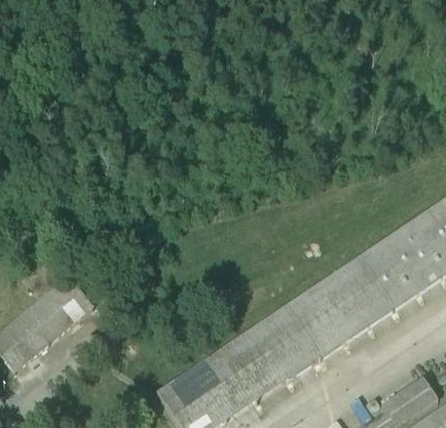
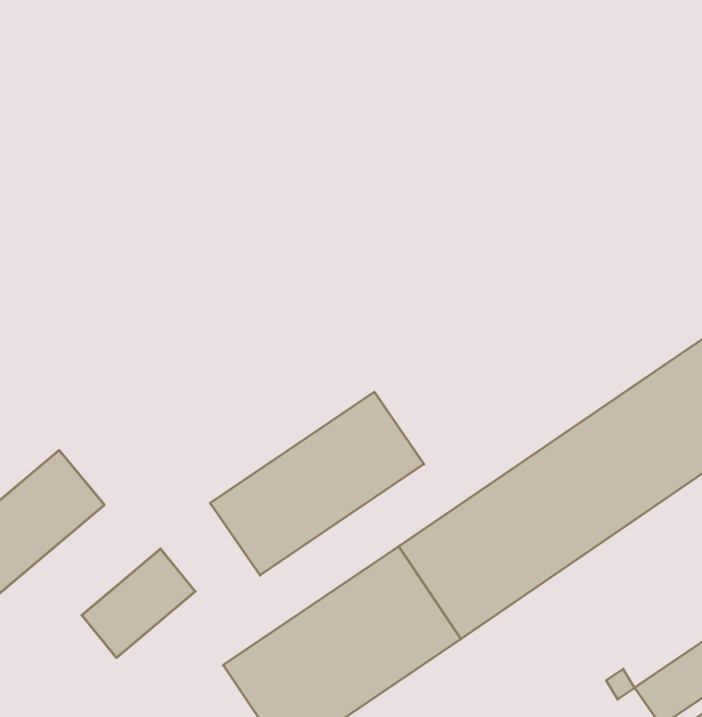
building: none -> [210,392,424,575]
building: none -> [82,549,195,658]

